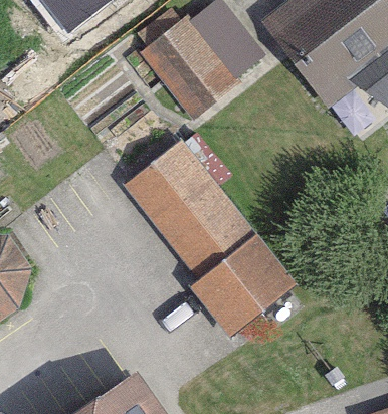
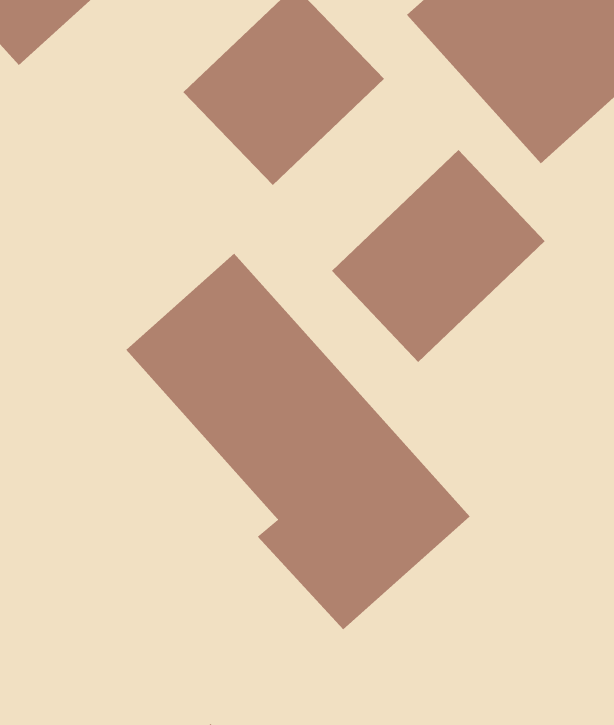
building: none -> [331,149,546,363]

